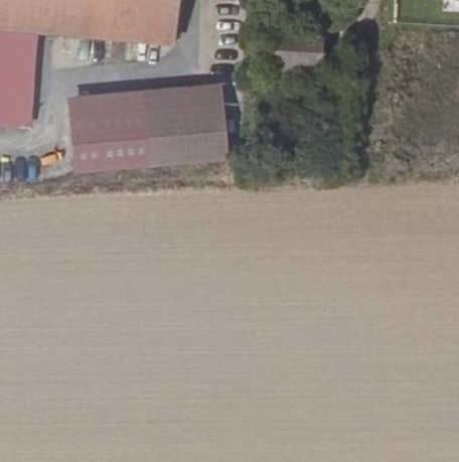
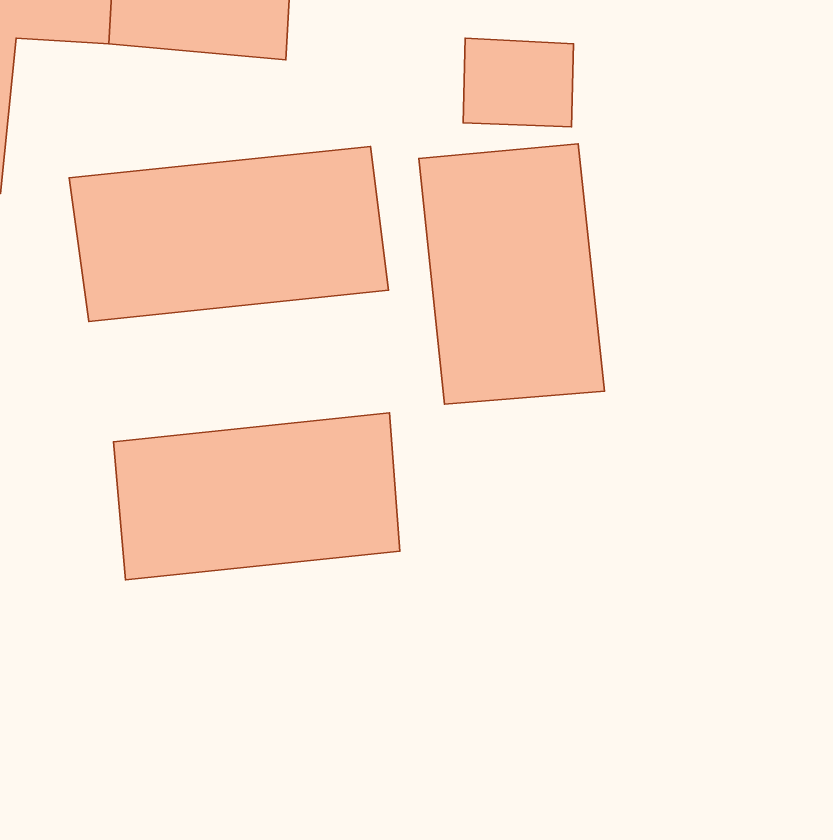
building: none -> [419,144,604,404]
building: none -> [113,413,400,580]

